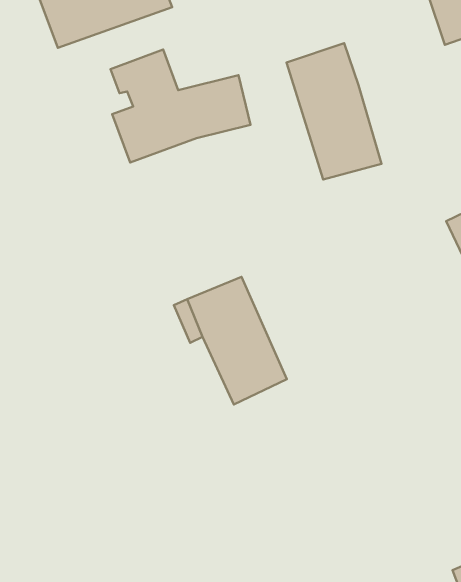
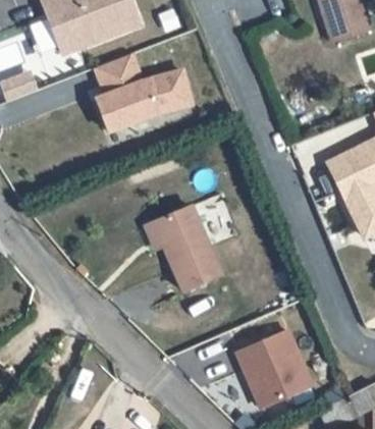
building: [287,43,382,180] -> none
building: none -> [242,332,313,407]

